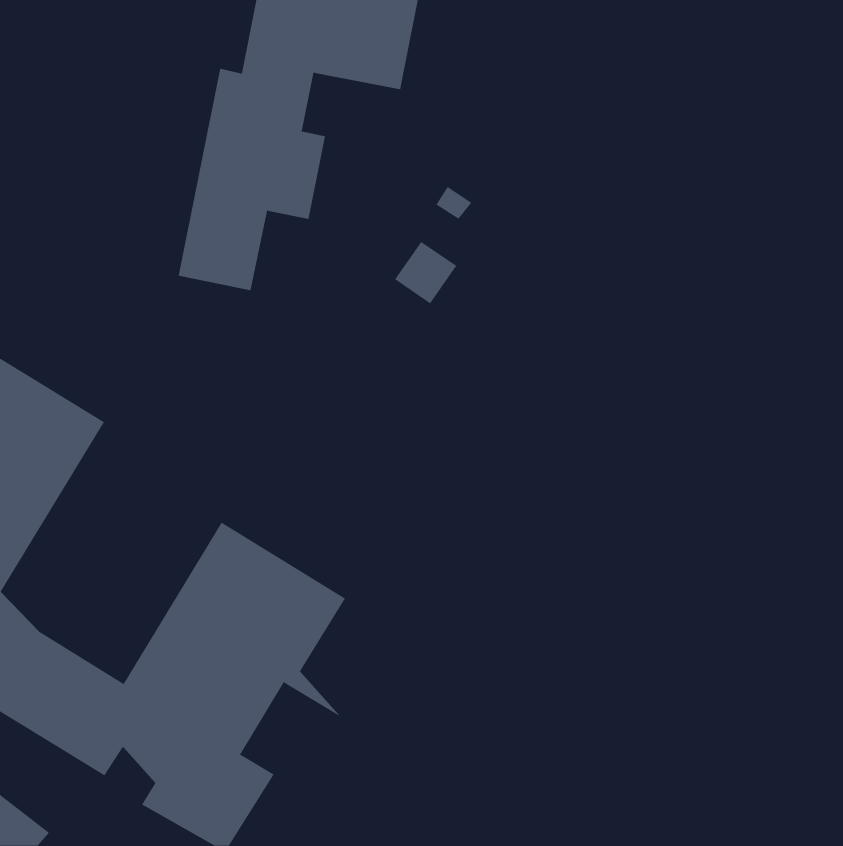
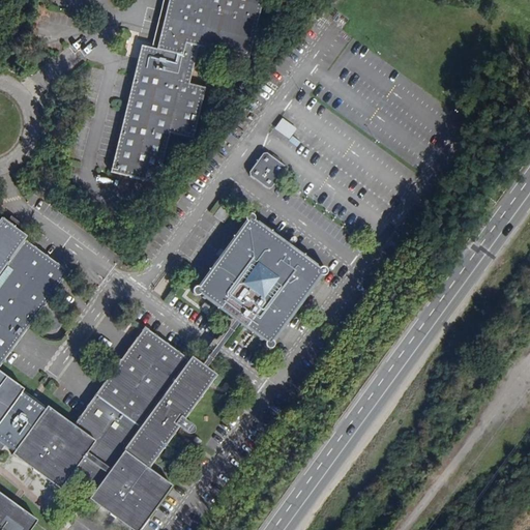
building: none -> [195,215,325,345]

